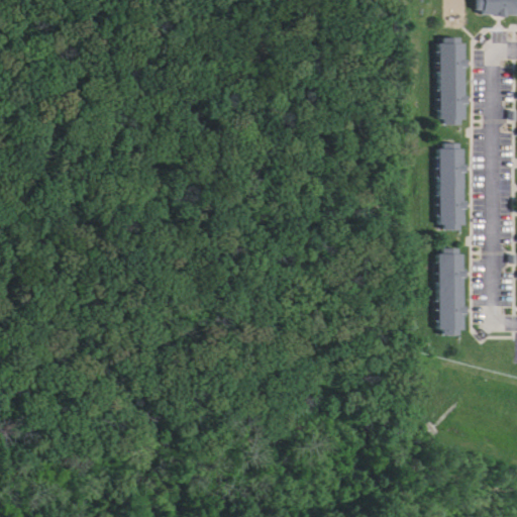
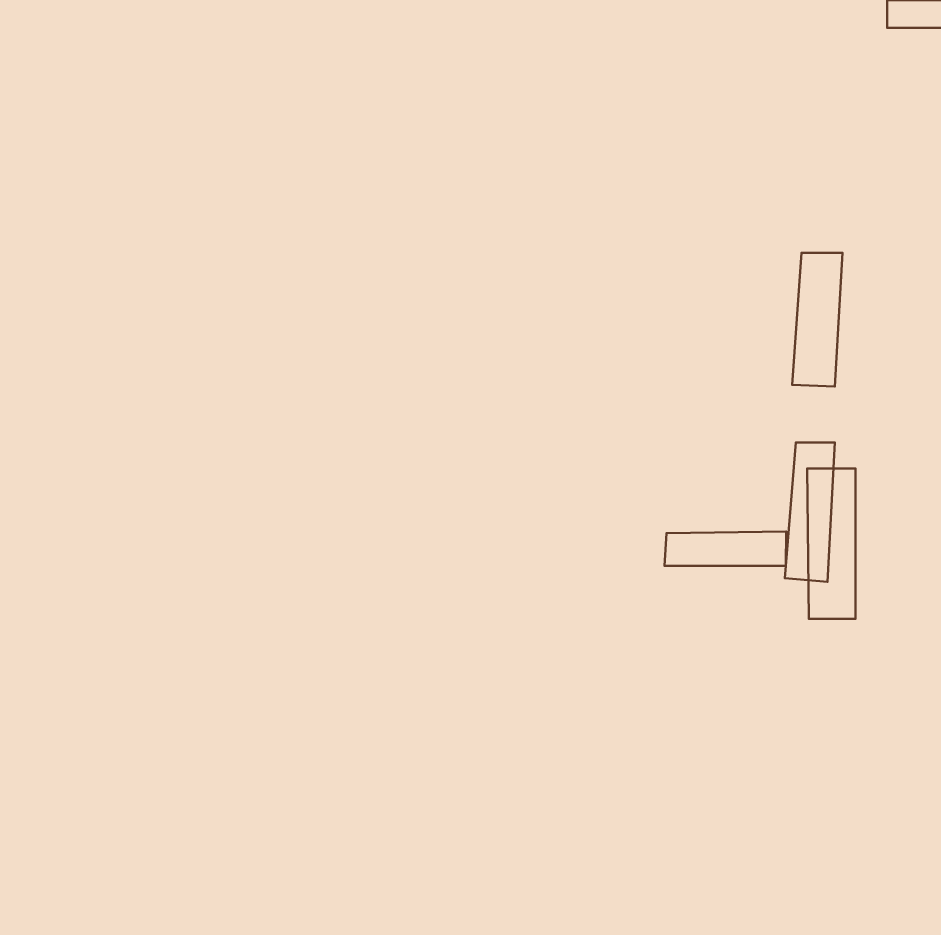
building: [440,37,467,113] -> none
building: none -> [665,532,786,566]

